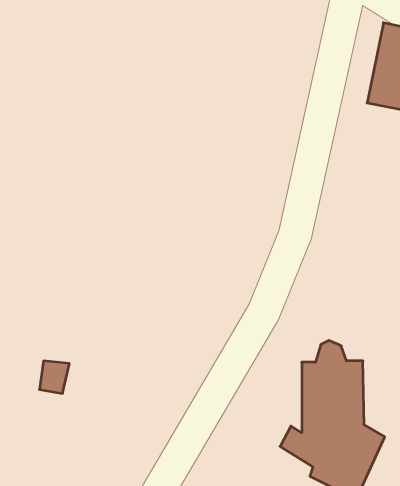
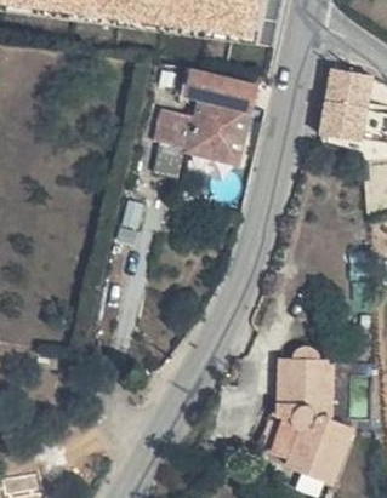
building: none -> [135,78,238,166]

